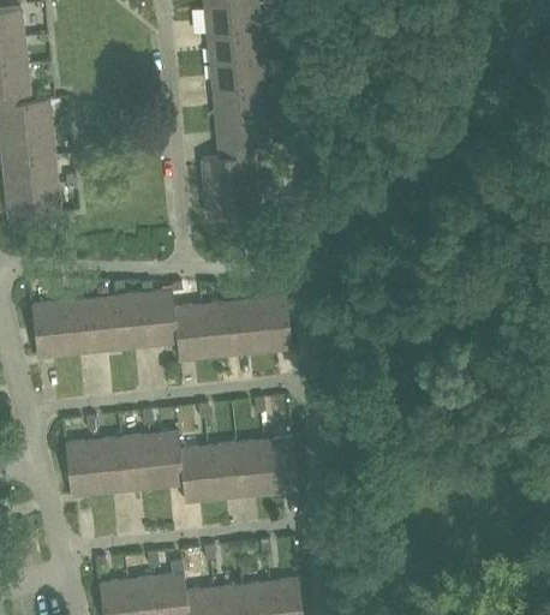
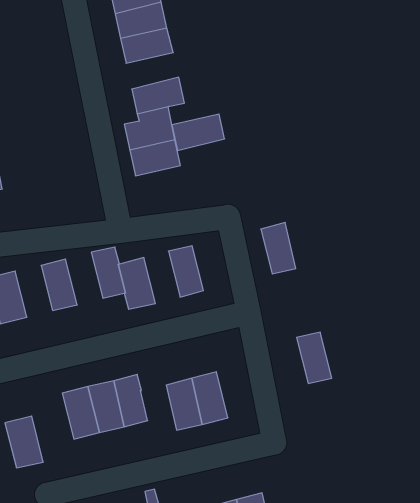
building: [211,86,267,120] -> [172,114,225,150]
building: [118,292,153,347] -> none
building: [257,295,289,350] -> [261,223,296,274]
building: [61,299,96,353] -> none
building: [203,301,237,357] -> none
building: [265,437,298,491] -> [297,332,332,383]
building: [65,441,101,495] -> [5,416,43,468]
building: [180,447,214,501] -> none

